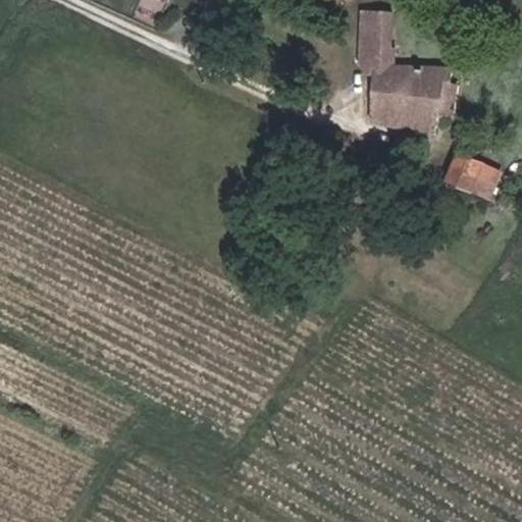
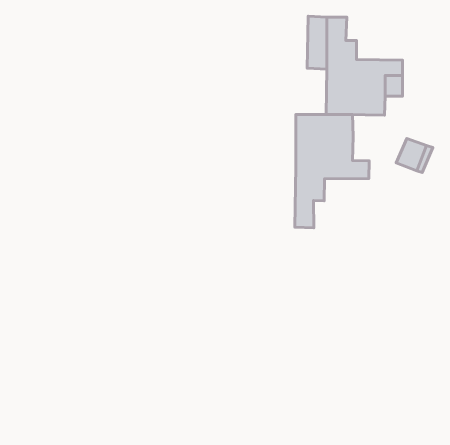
building: none -> [295,114,369,228]

